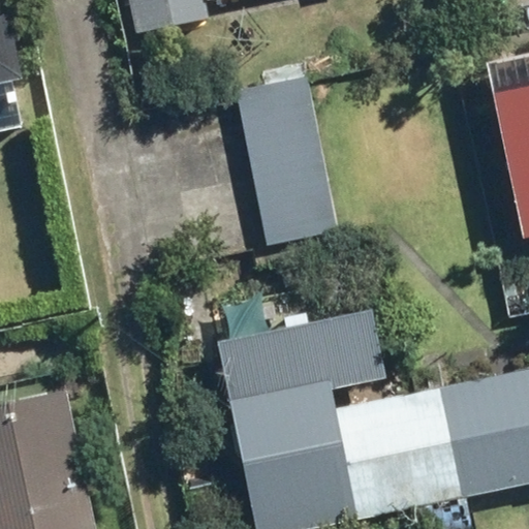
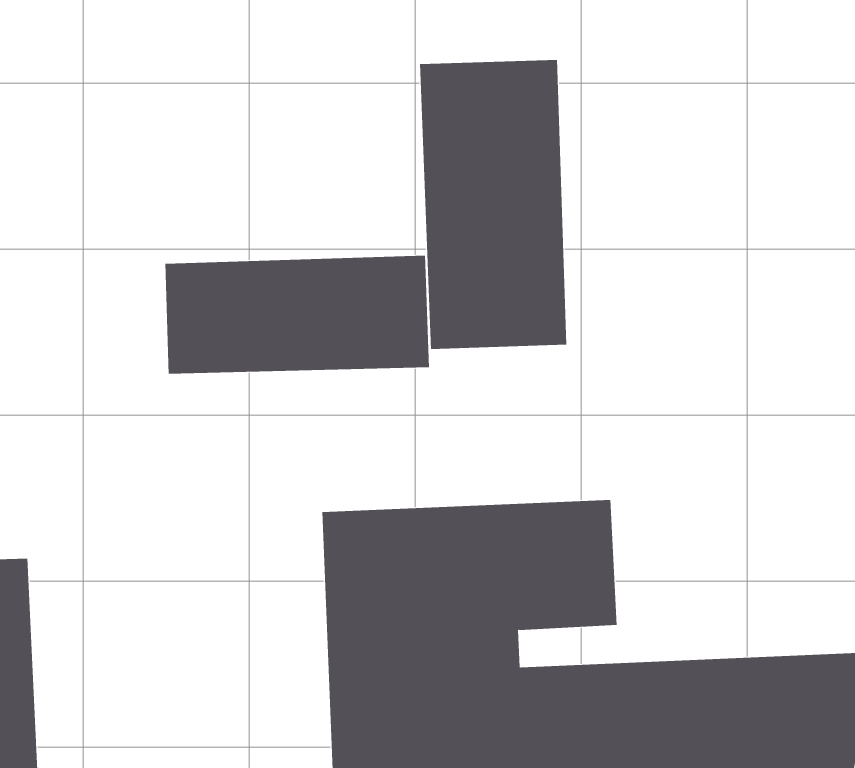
building: none -> [165,255,429,375]

